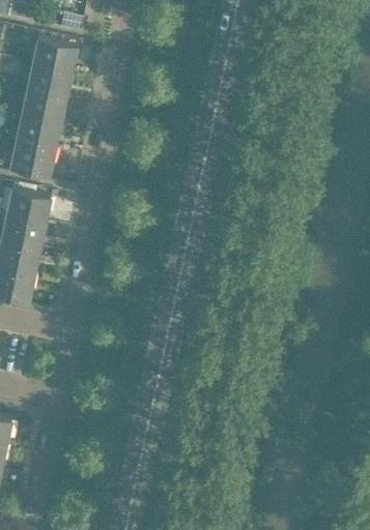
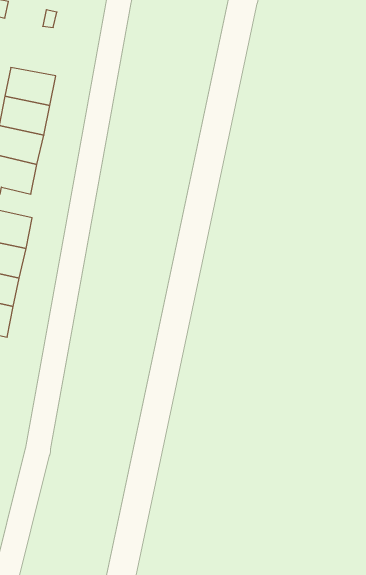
building: [32,35,77,69] -> none

